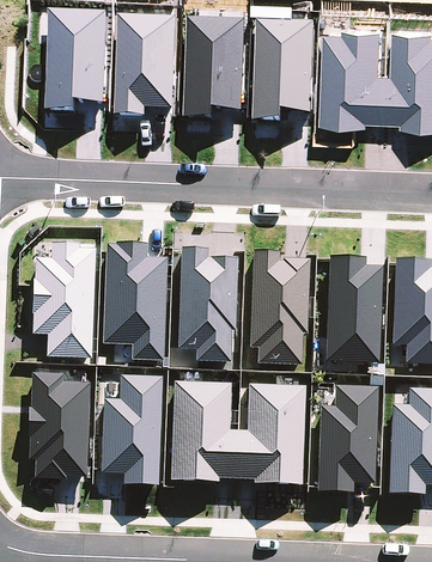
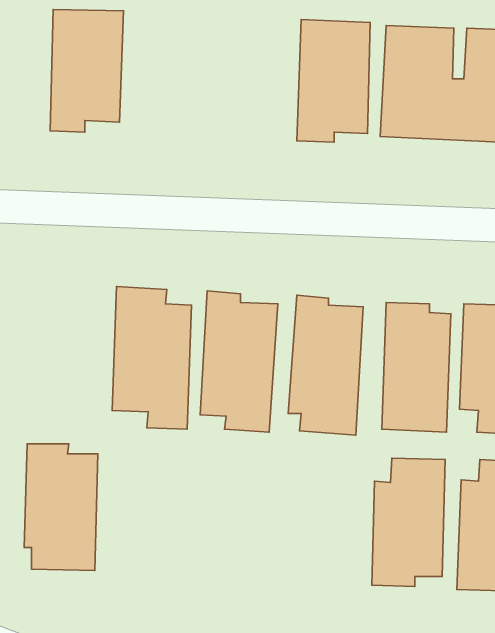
building: [115,17,177,117] -> none
building: [184,18,247,121] -> none
building: [30,243,97,359] -> none
building: [99,374,162,484] -> none
building: [169,379,305,483] -> none

